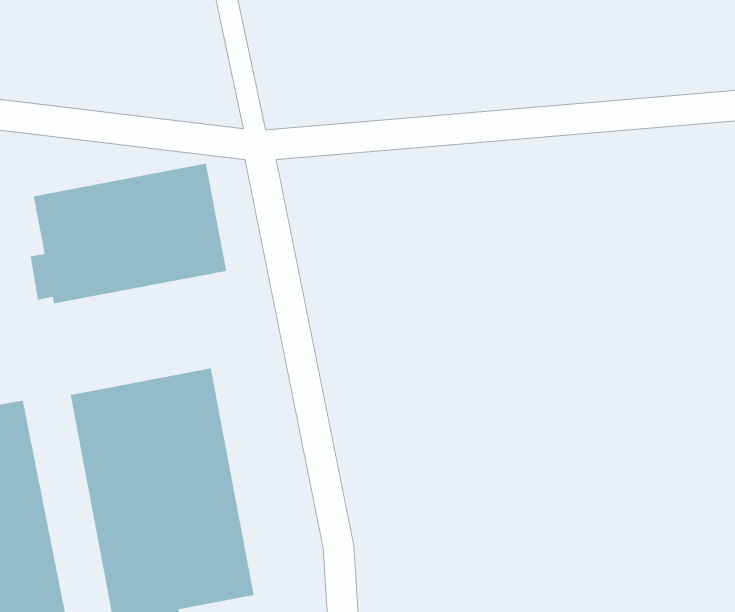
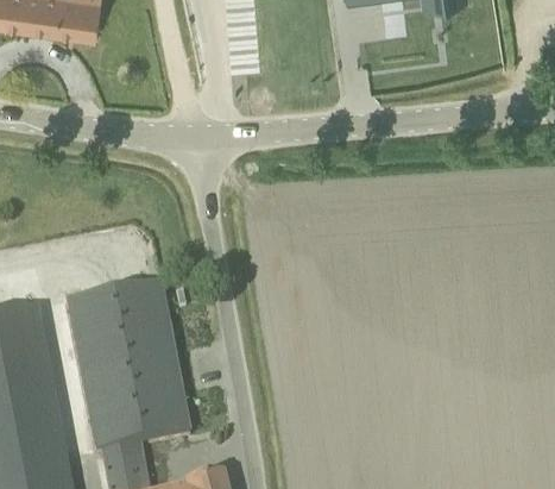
building: [30,163,227,304] -> none

